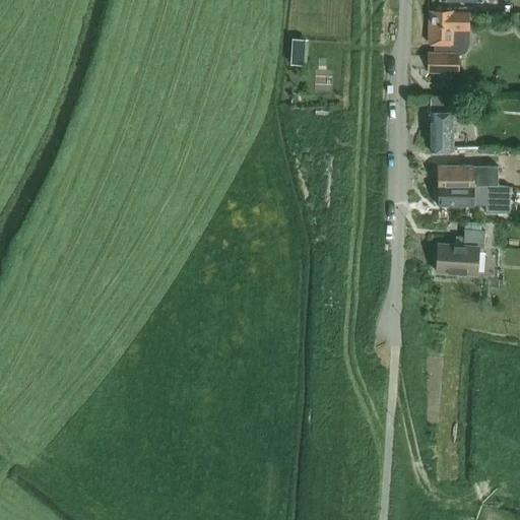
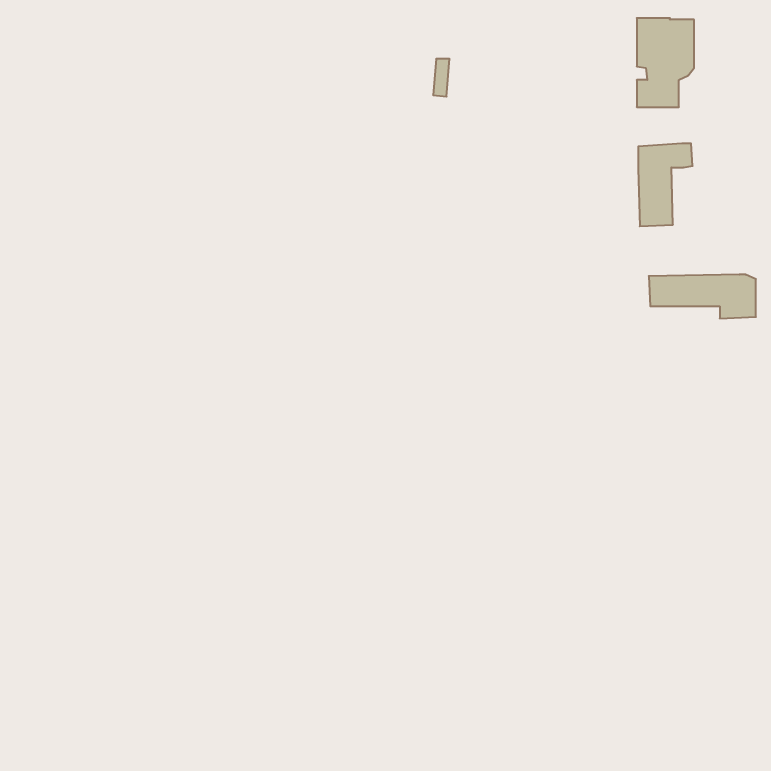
building: [437,166,498,186] -> none
building: [436,222,484,275] -> none

